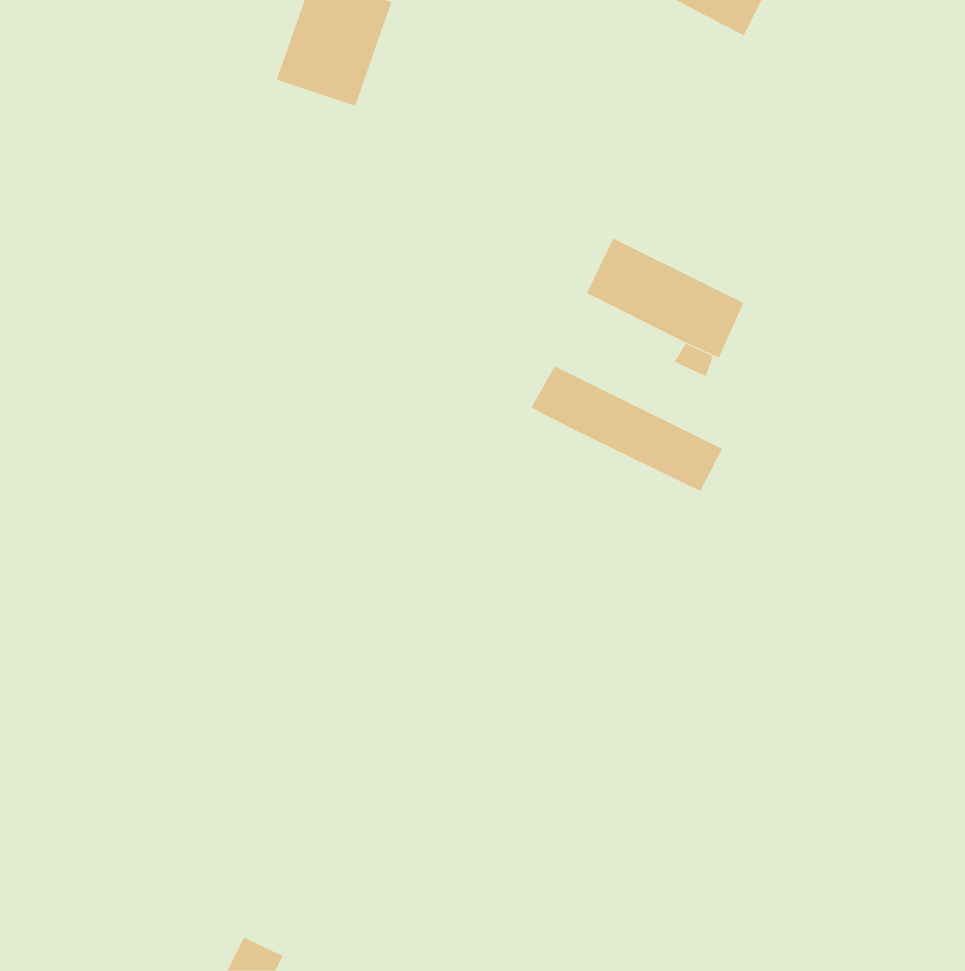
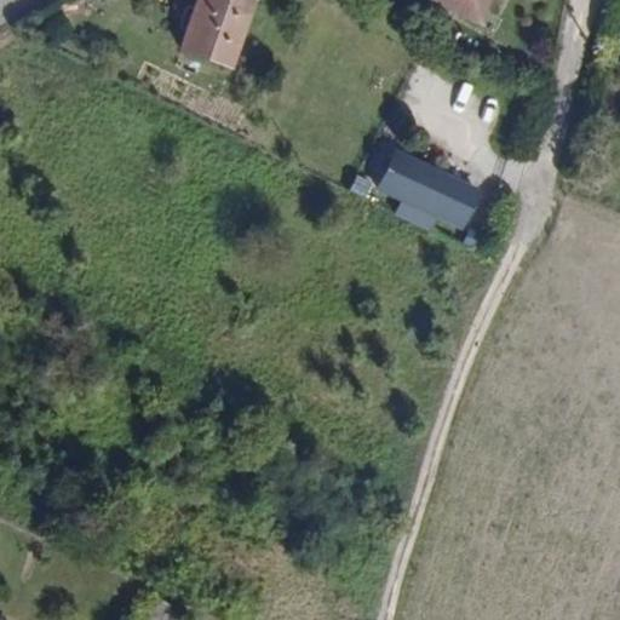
building: [531,366,723,492] -> none

